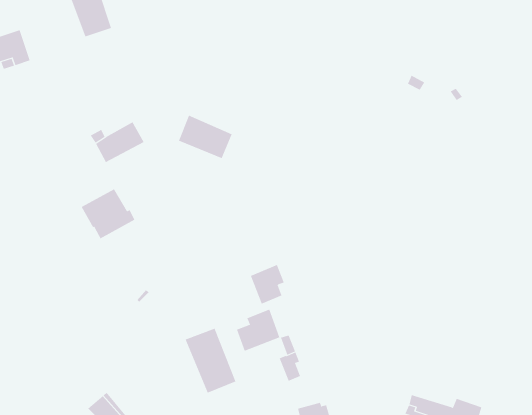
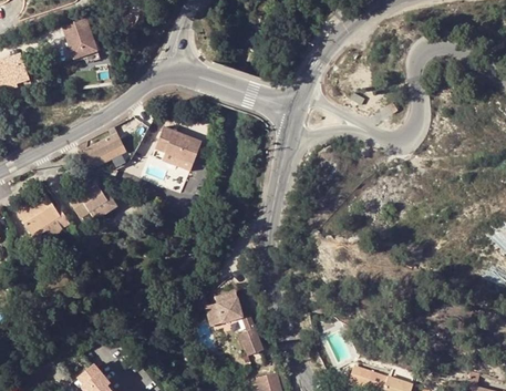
building: none -> [20,202,72,241]
building: [250,264,284,304] -> none
building: [185,328,236,393] -> none

